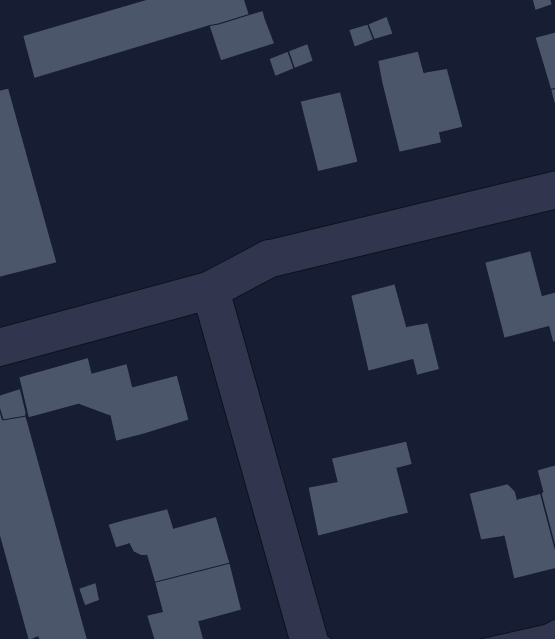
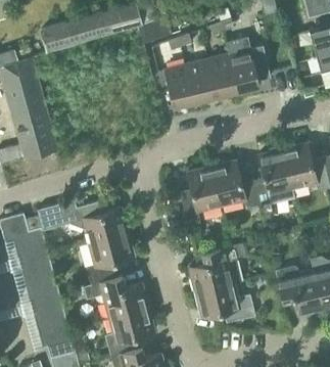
building: none -> [206,54,237,96]
building: none -> [163,64,194,107]
building: none -> [252,149,294,205]
building: none -> [181,167,221,223]
building: none -> [86,232,134,285]
building: none -> [194,283,254,323]

